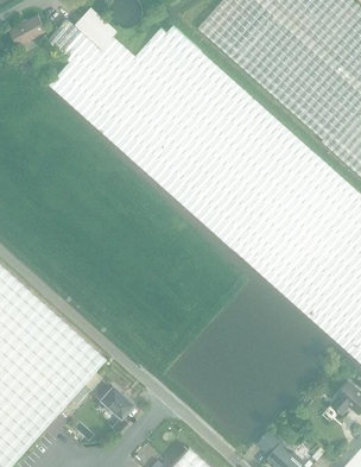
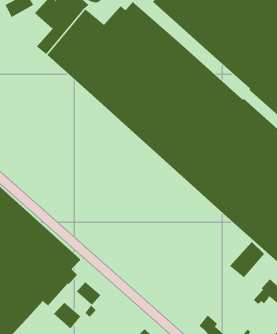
building: none -> [229,241,265,278]
building: none -> [53,302,81,329]

